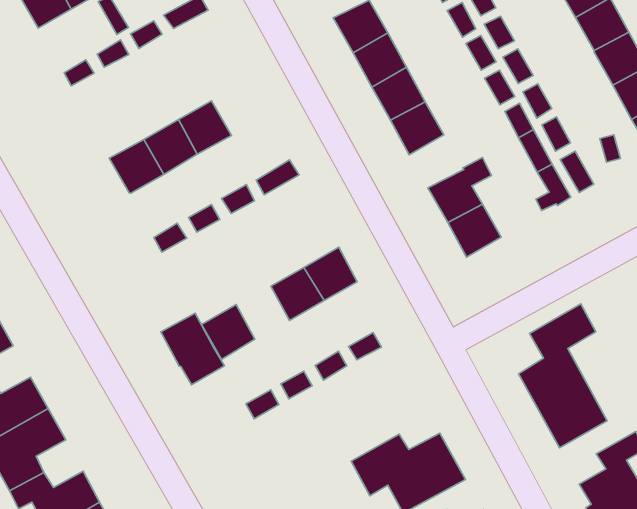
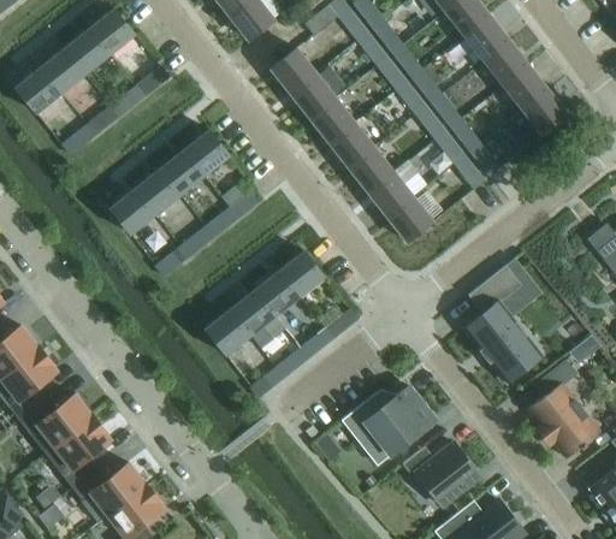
building: none -> [184,130,230,174]
building: none -> [349,147,395,191]
building: [161,313,225,385] -> [230,290,285,348]

